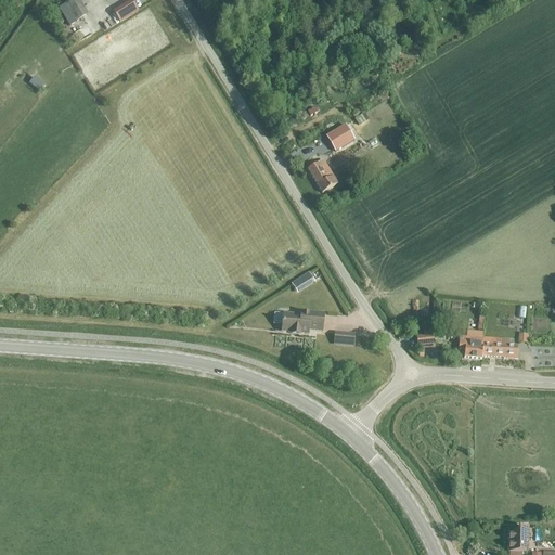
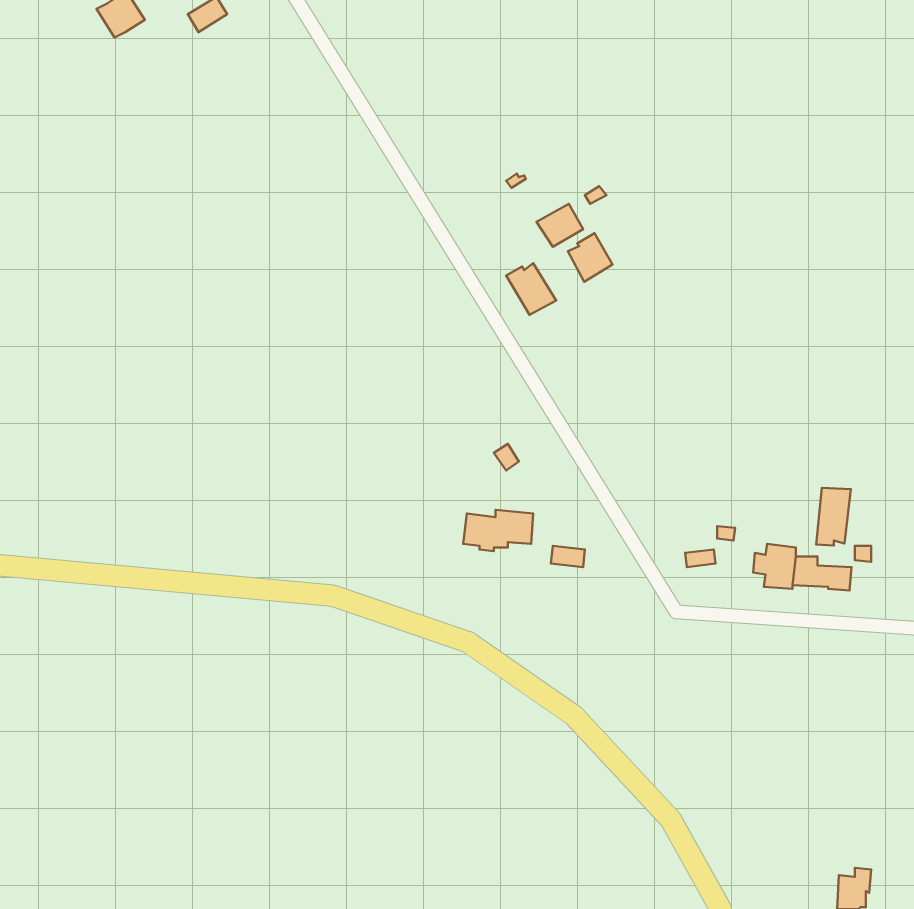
building: none -> [568,233,612,282]
building: none -> [816,488,851,546]

